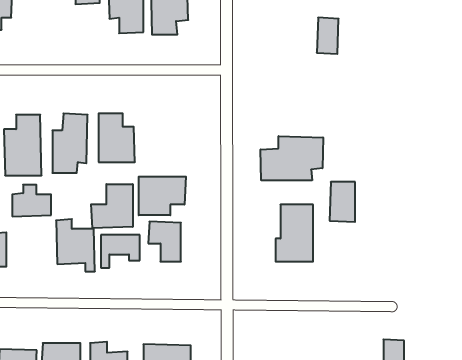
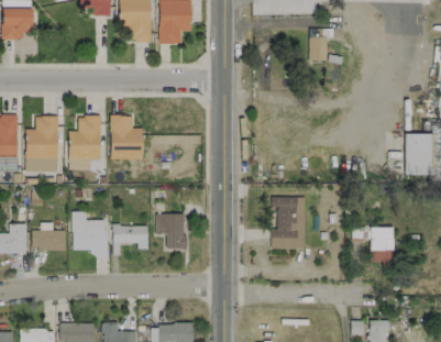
building: none -> [404,133,433,176]
building: [261,136,323,180] -> none
building: [139,177,186,215] -> none
building: [330,182,355,222] -> [370,228,393,264]
building: [91,184,133,228] -> none
building: [12,185,51,216] -> [31,222,66,251]

